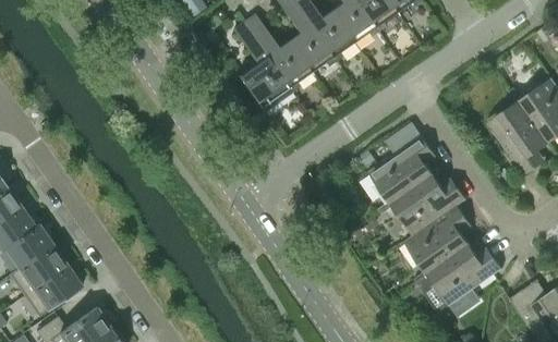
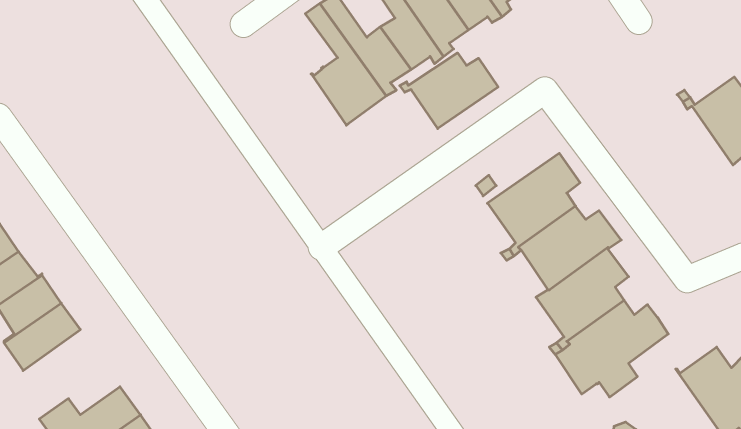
building: none -> [400,53,498,129]
building: [487,98,550,174] -> none
building: [24,264,82,316] -> none

